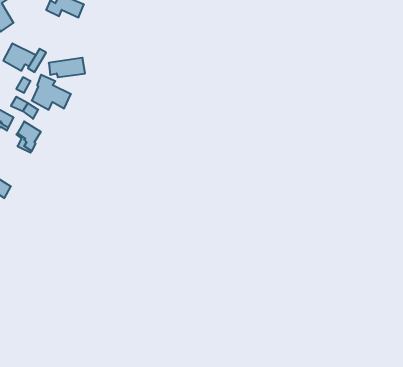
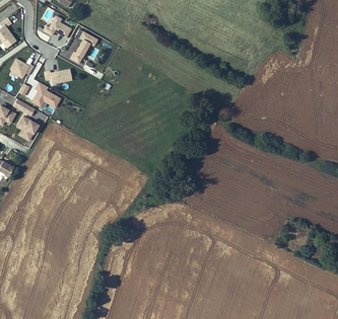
building: none -> [70,28,97,63]

